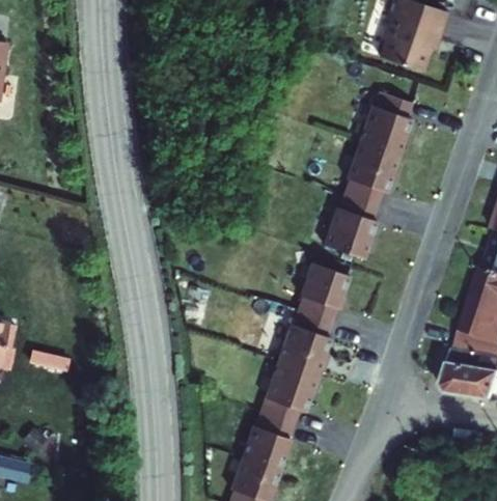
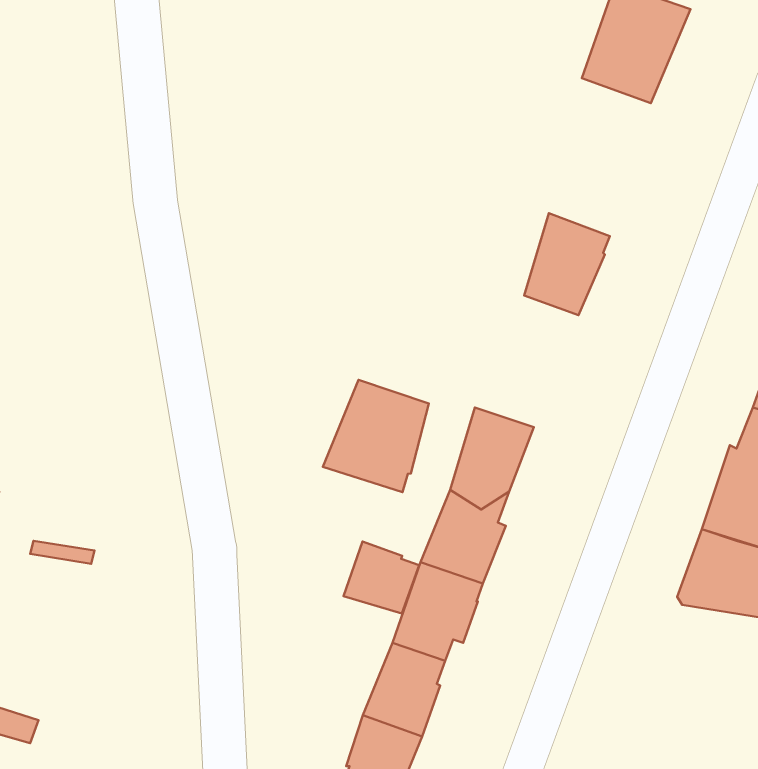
building: [358,94,411,159] -> none
building: [322,196,377,261] -> none
building: none -> [323,380,429,492]
building: none -> [343,542,419,613]

